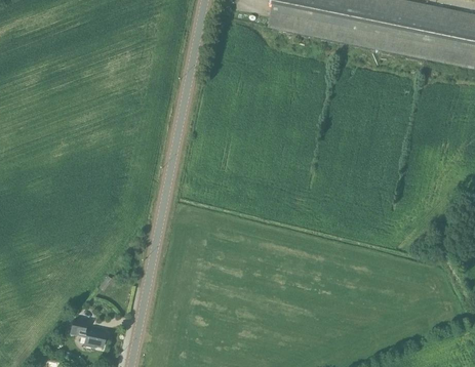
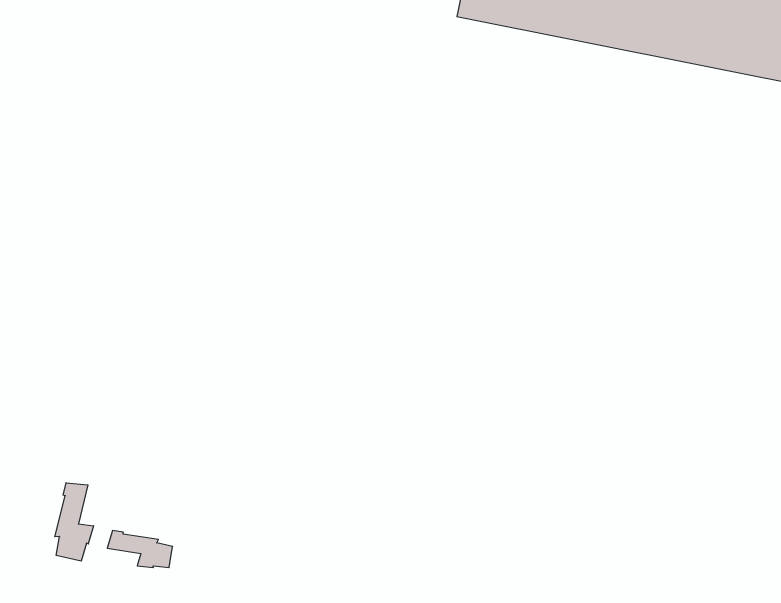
building: none -> [55,483,94,561]

